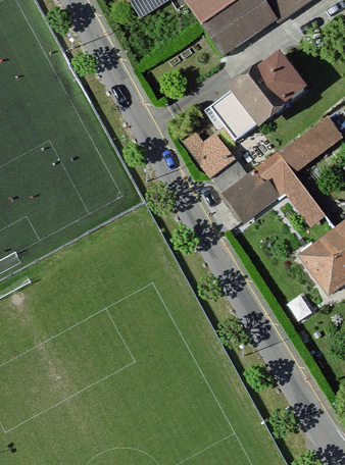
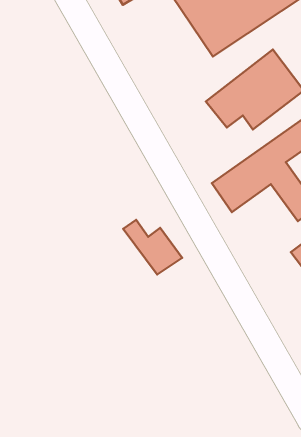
building: [174,120,234,176] -> [123,220,182,275]

